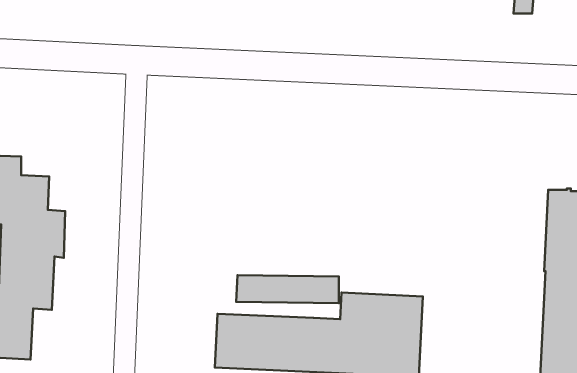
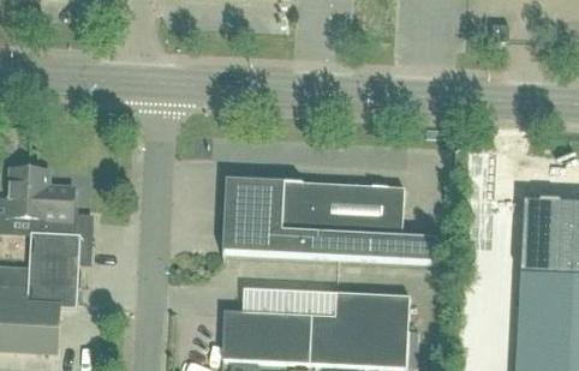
building: none -> [222,179,436,262]

